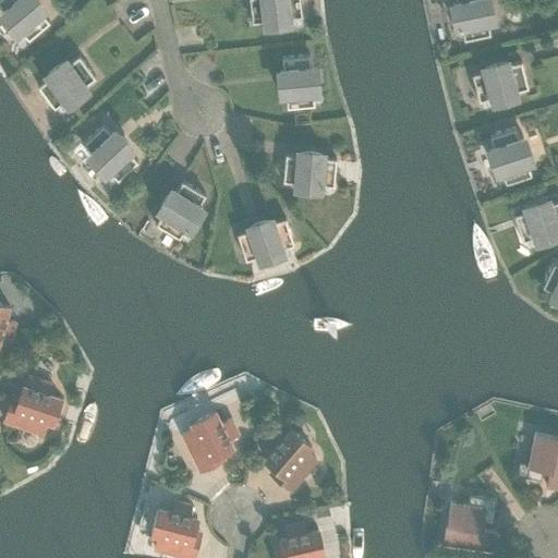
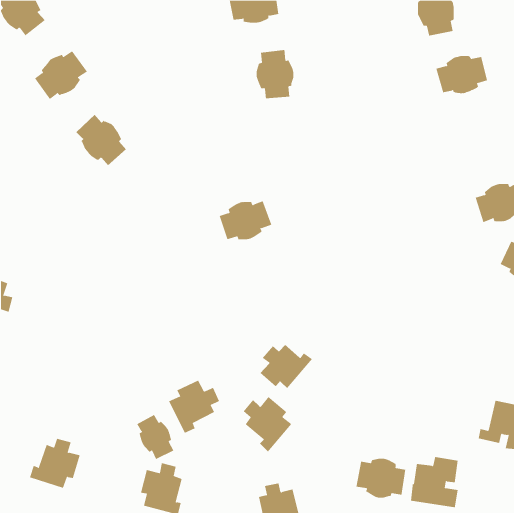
building: [489,129,532,185] -> none
building: [283,151,337,192] -> none
building: [156,182,206,240] -> none
building: none -> [259,344,313,389]
building: [5,380,61,435] -> [29,438,81,488]
building: none -> [137,414,174,460]
building: none -> [356,458,406,498]

